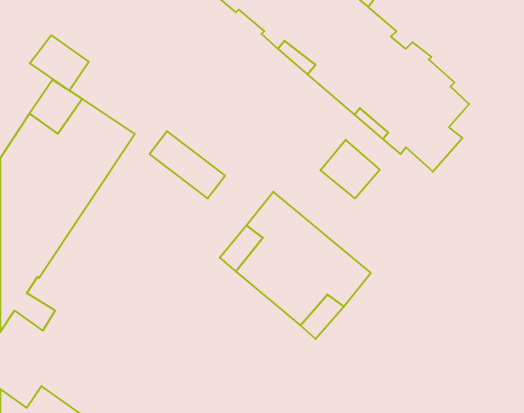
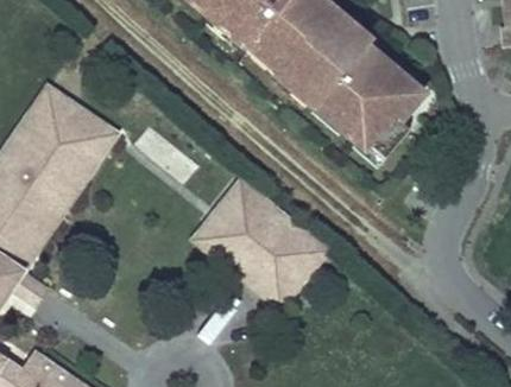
building: [30,35,89,91] -> none
building: [320,140,380,198] -> none

